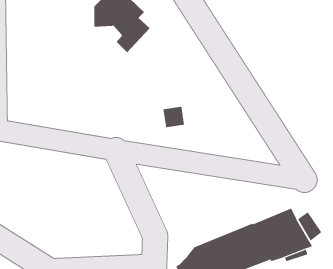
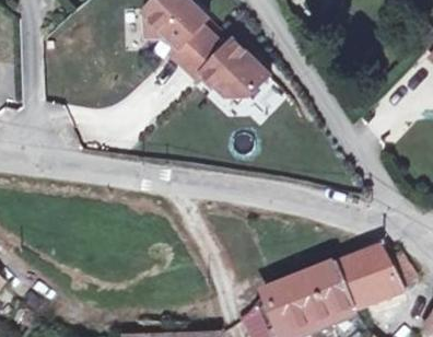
building: none -> [185,36,267,94]

